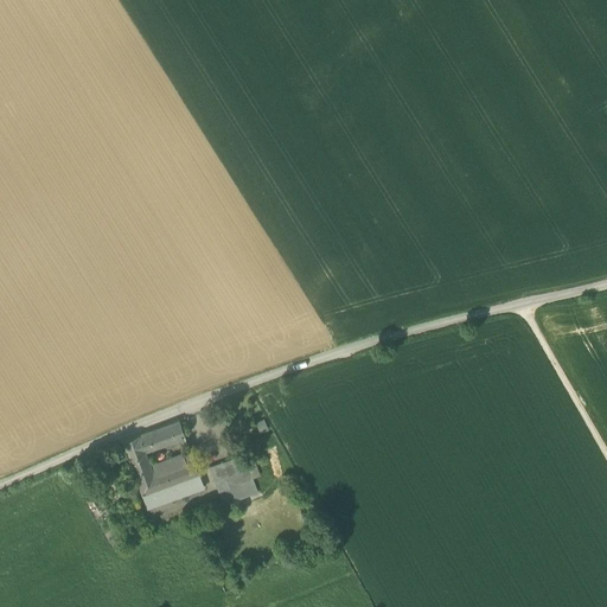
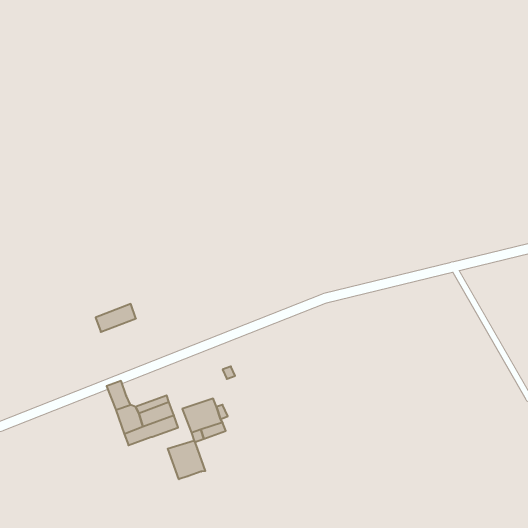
building: [140,421,186,453] -> [96,304,136,332]
building: none -> [168,440,205,479]

